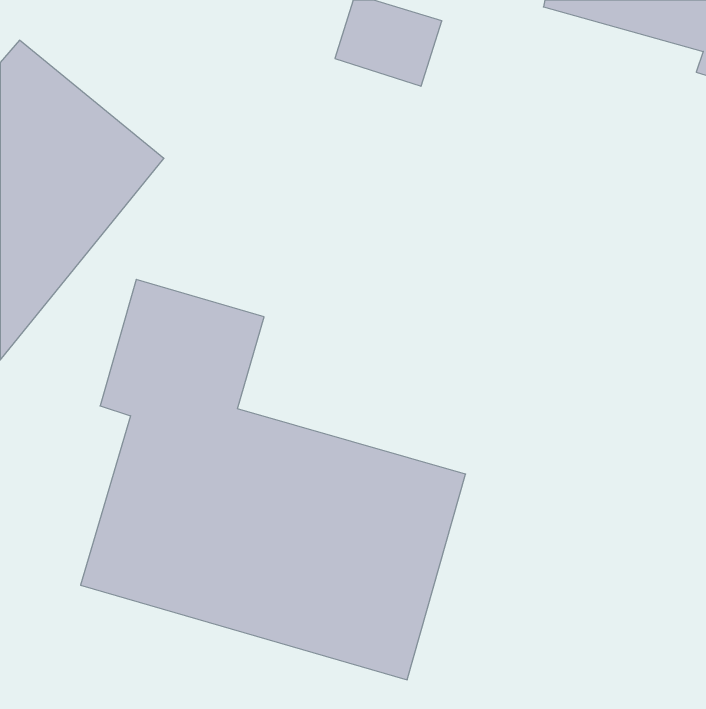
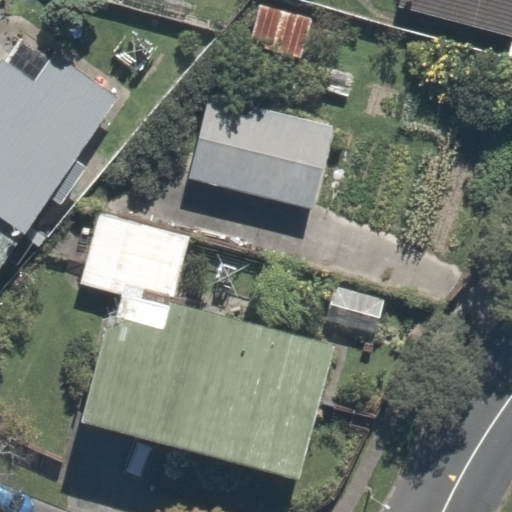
building: none -> [184,91,333,206]

